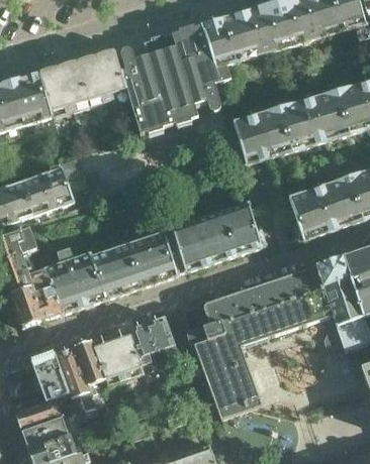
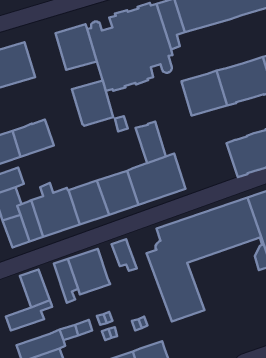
building: [38,60,90,116] -> [72,80,113,126]
building: [224,201,262,252] -> [136,121,166,163]
building: [129,321,157,363] -> none
building: [56,345,95,408] -> none
building: [21,414,70,446] -> none

